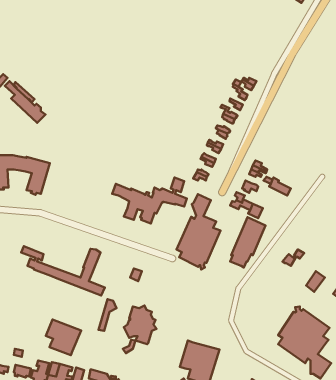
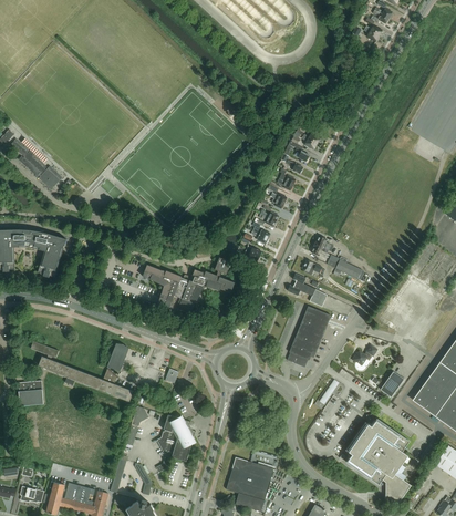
building: [176,194,221,270] -> none
building: none -> [18,381,44,406]
building: [46,319,81,355] -> none

